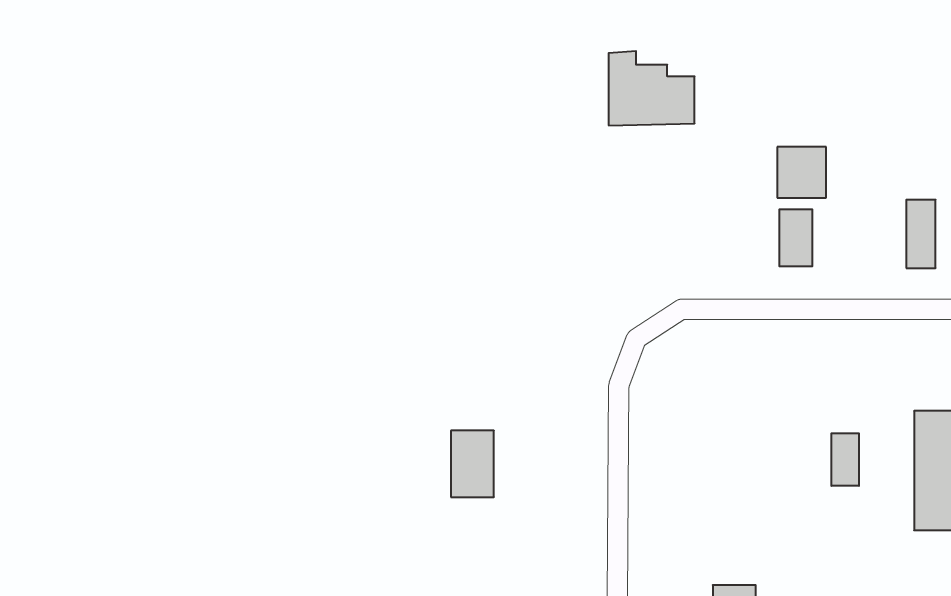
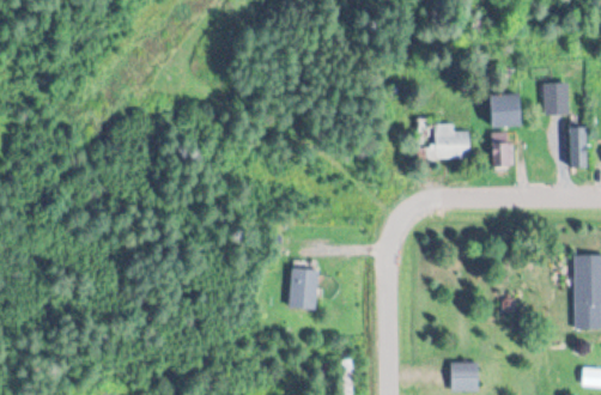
building: [609,51,695,125] -> [418,115,471,160]
building: none -> [544,83,567,115]
building: [831,433,859,486] -> none

